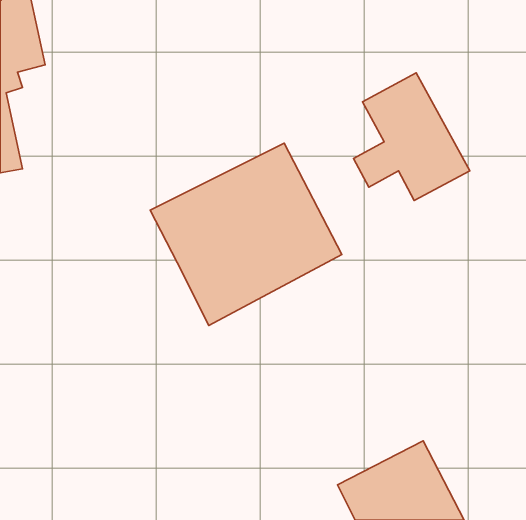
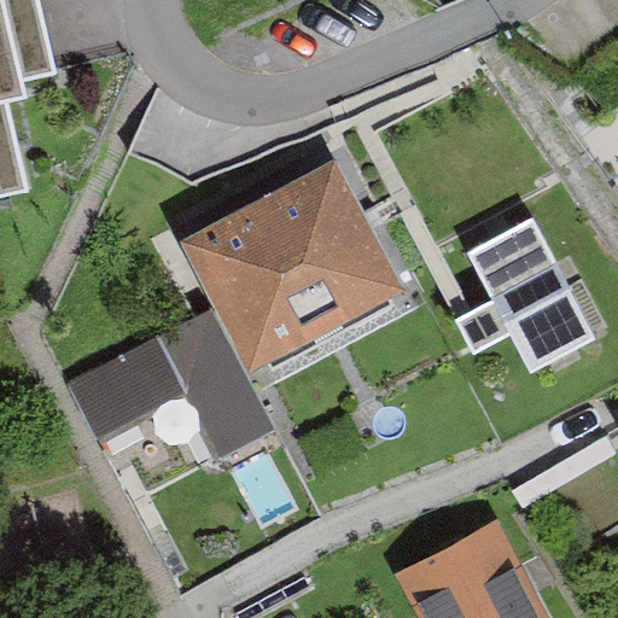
building: [353,73,470,201] -> [455,222,591,372]
building: none -> [68,308,270,455]

